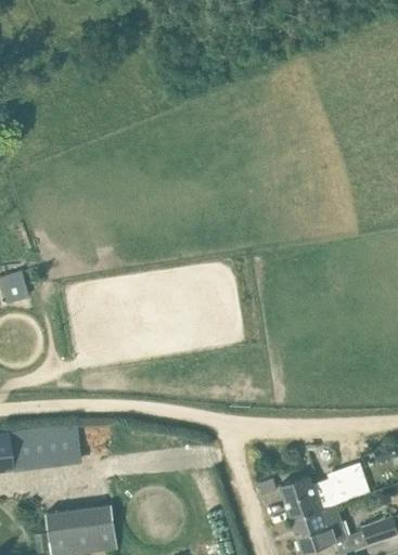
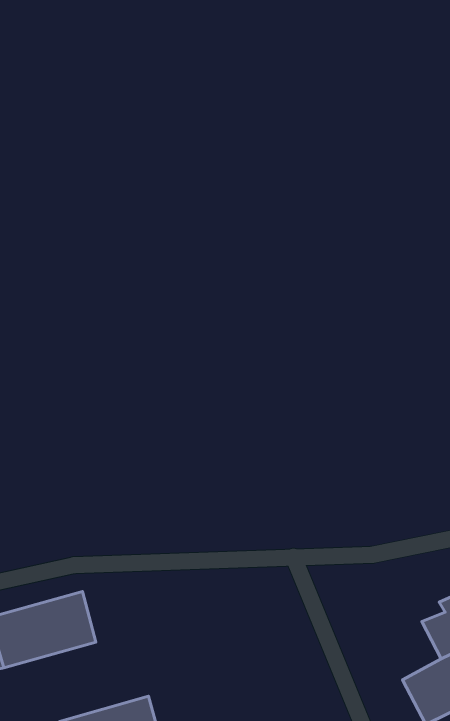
building: [280,476,320,520] -> none

